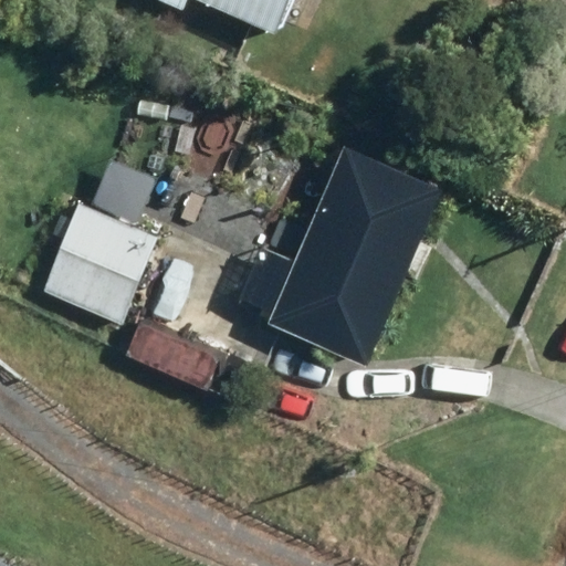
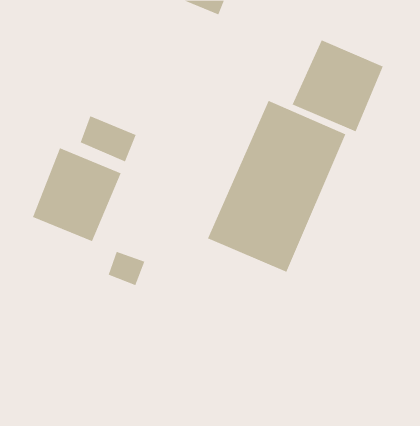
building: none -> [292,39,383,132]

